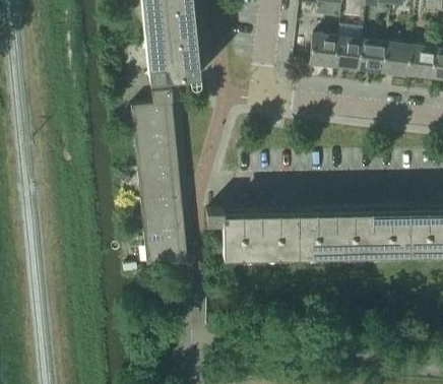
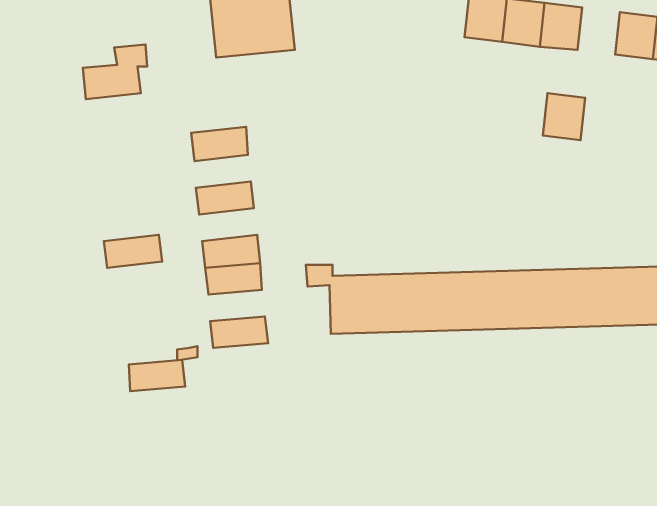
building: [384,44,412,74] -> [543,93,585,140]
building: [132,89,174,125] -> [83,44,147,99]
building: [136,139,173,161] -> none
building: [139,174,177,195] -> [104,235,162,268]
building: [145,227,182,247] -> [129,360,185,391]

